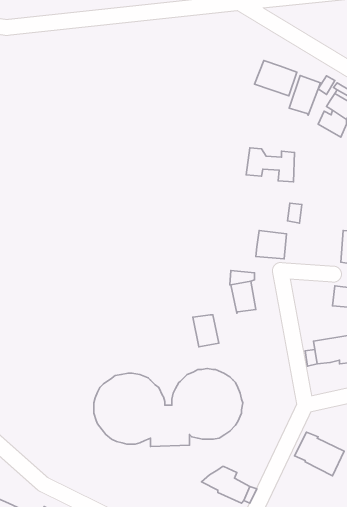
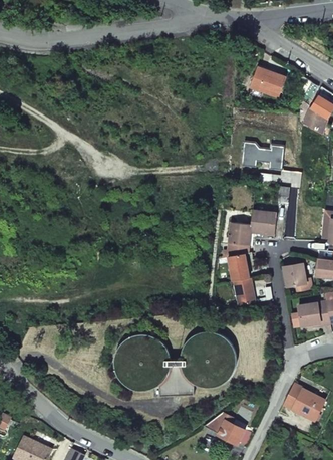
building: [289,76,321,115] -> none
building: none -> [229,225,251,248]
building: none -> [283,263,306,287]
building: [193,315,219,347] -> [235,279,257,306]

